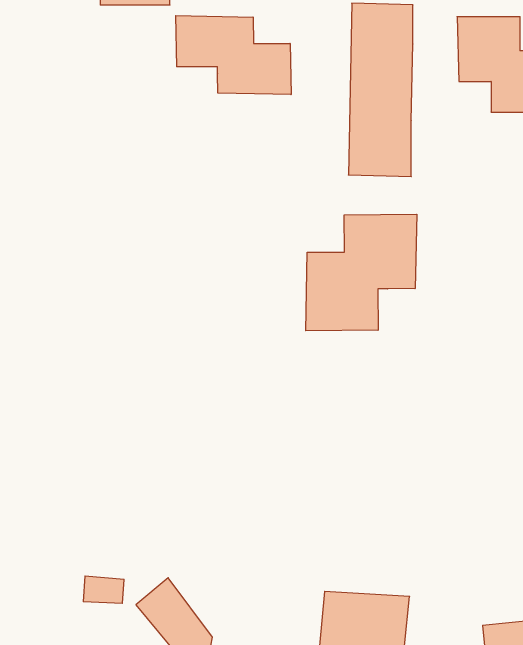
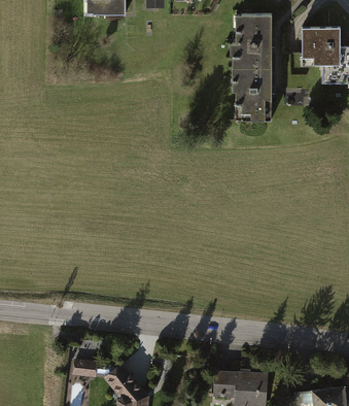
building: [176,16,291,95] -> none
building: [306,214,417,331] -> none

